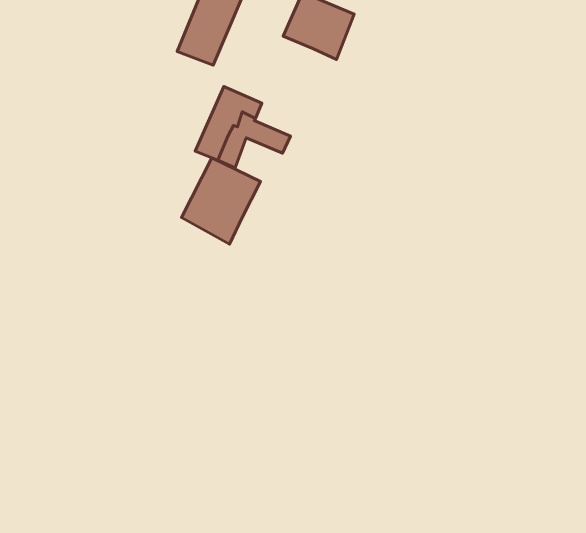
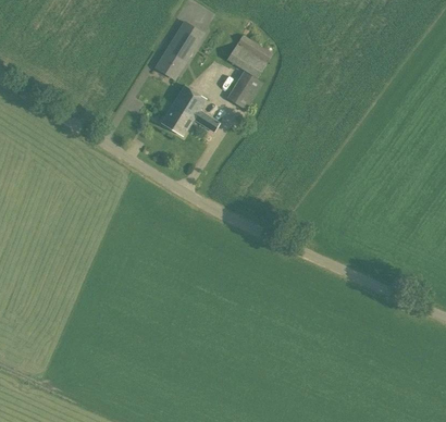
building: none -> [226,71,262,110]
building: [181,158,261,244] -> none

